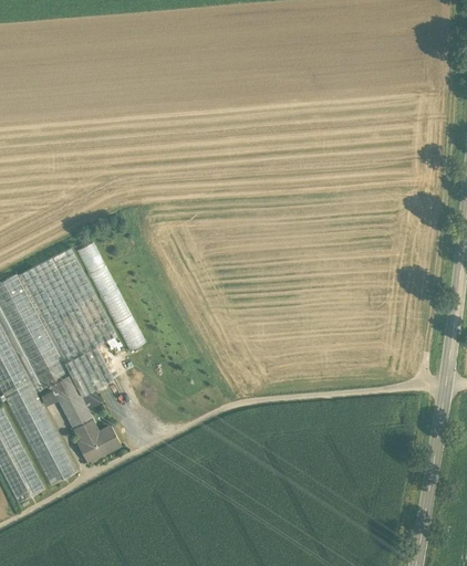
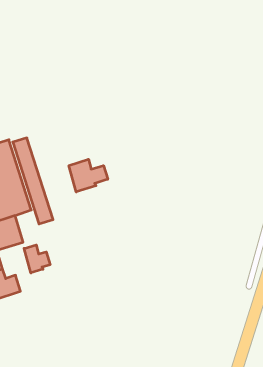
building: none -> [69,159,108,192]
building: none -> [24,245,50,273]

